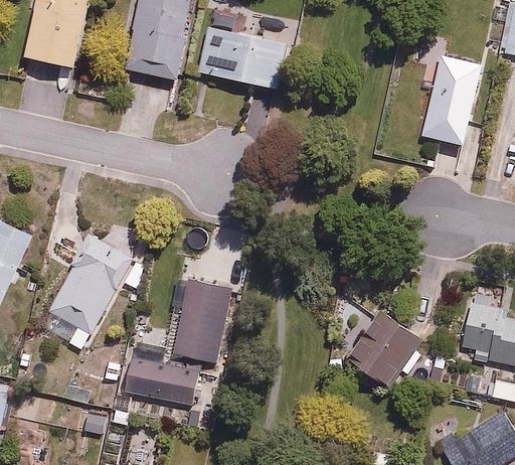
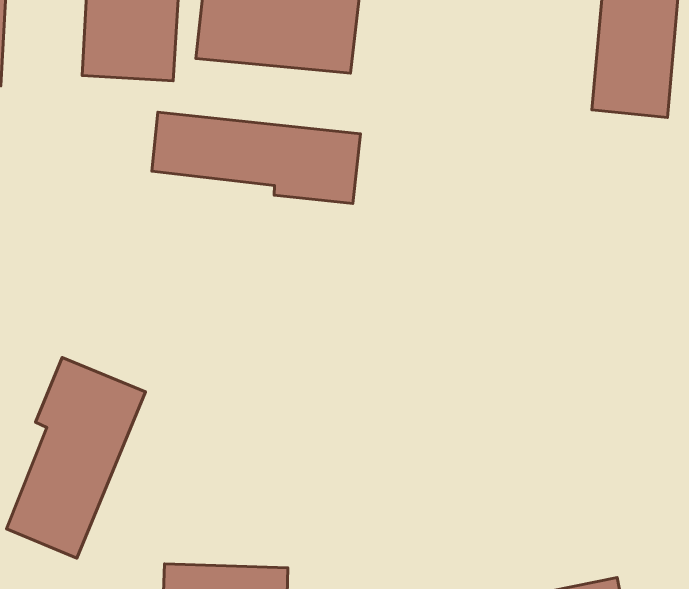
building: none -> [152,112,360,204]
building: [175,283,231,365] -> none
building: [349,309,423,386] -> none

